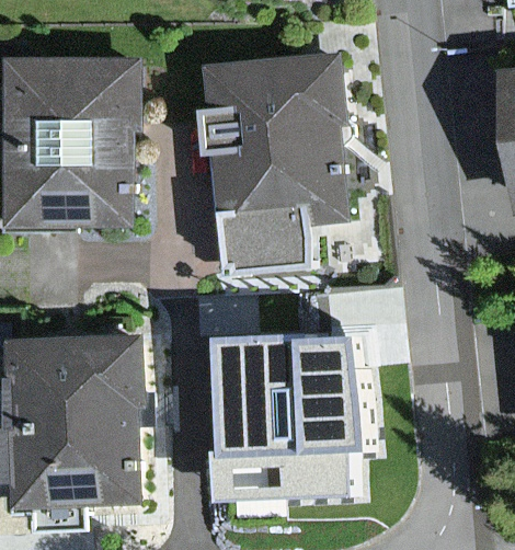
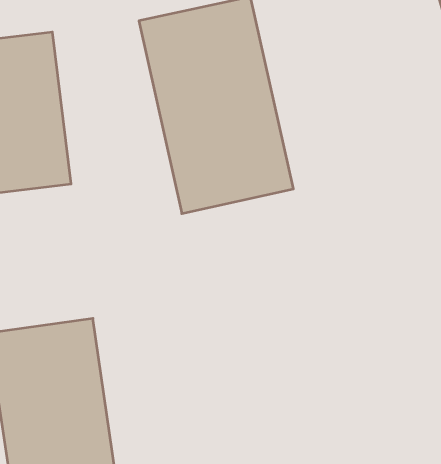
building: [233,333,357,478] -> none

